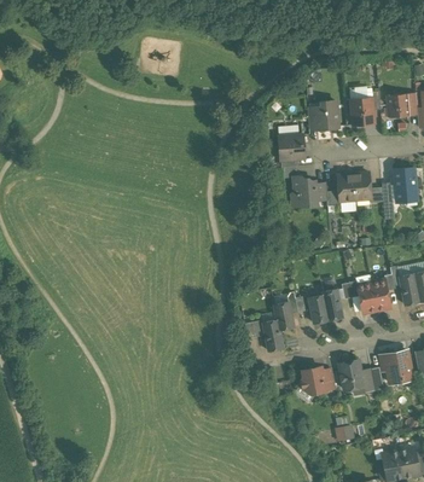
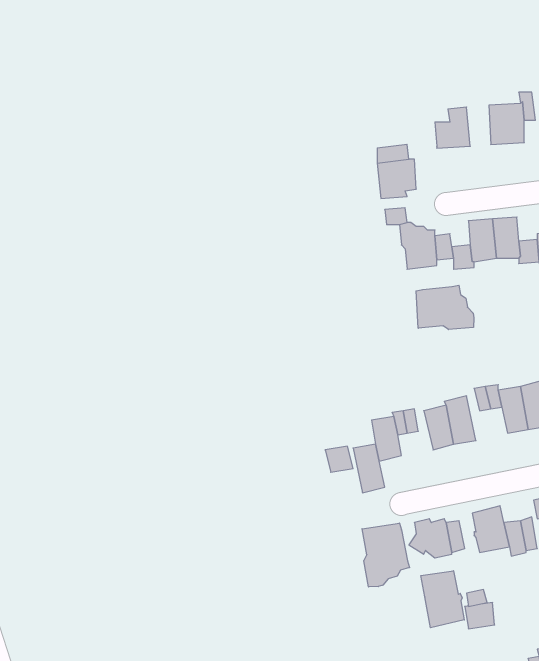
building: none -> [416,285,474,330]
building: none -> [362,523,410,587]
building: none -> [421,571,464,628]

